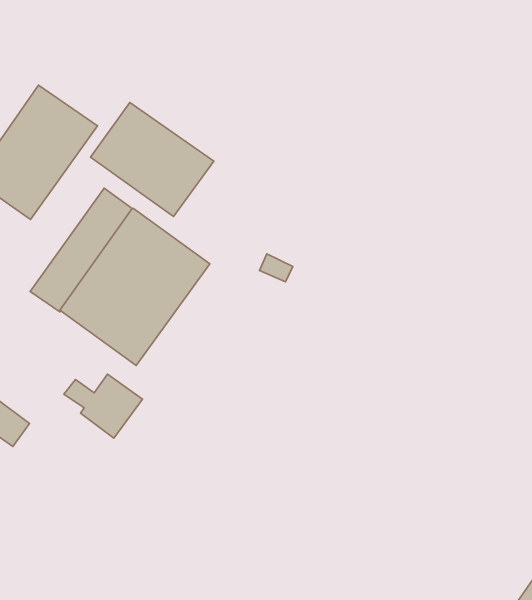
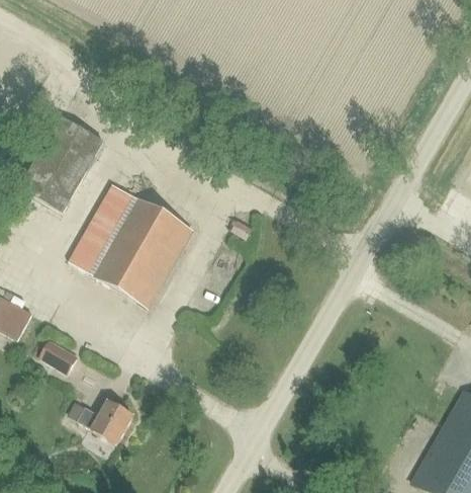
building: [90,102,214,217] -> none
building: [64,374,142,438] -> [78,400,133,444]

